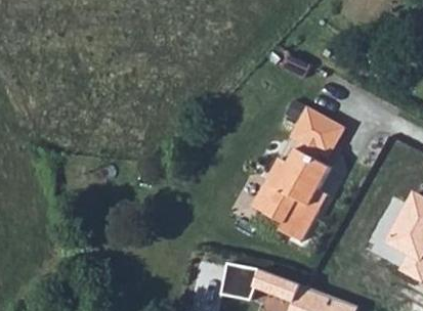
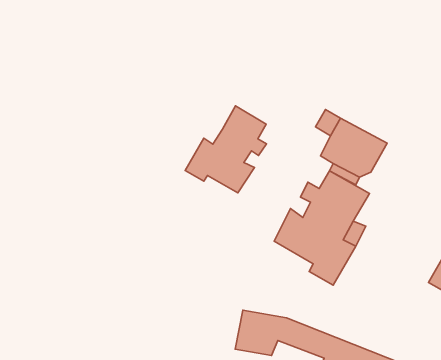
building: none -> [185,106,266,193]

